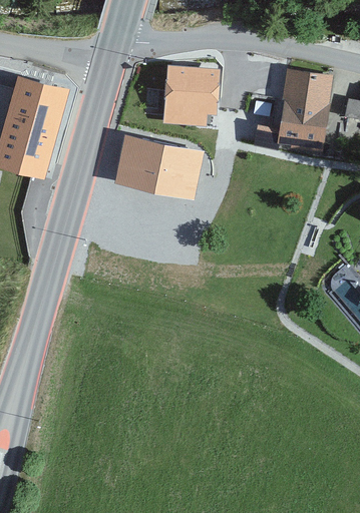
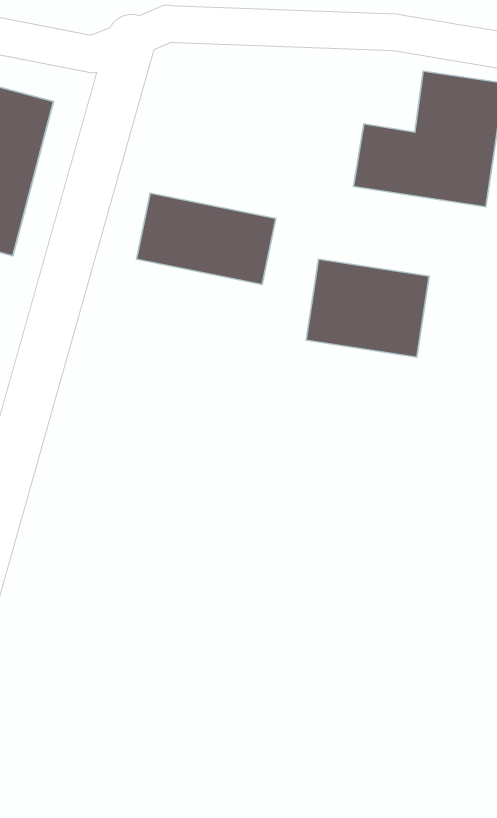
building: [161,66,214,121] -> none
building: none -> [306,259,429,357]

